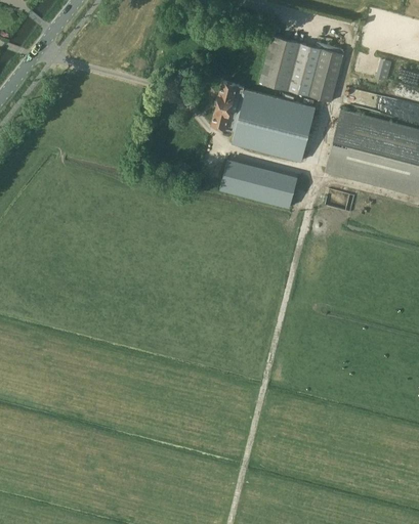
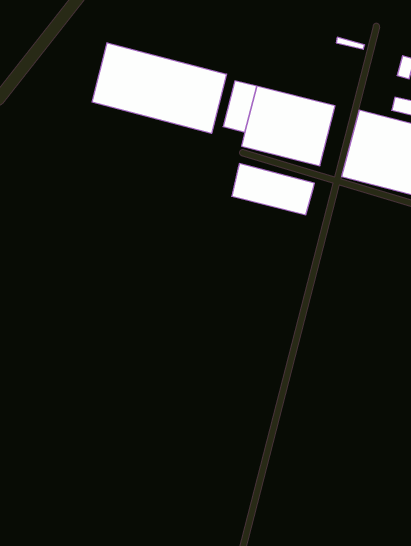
building: [259,36,342,101] -> none
building: none -> [92,43,227,133]

